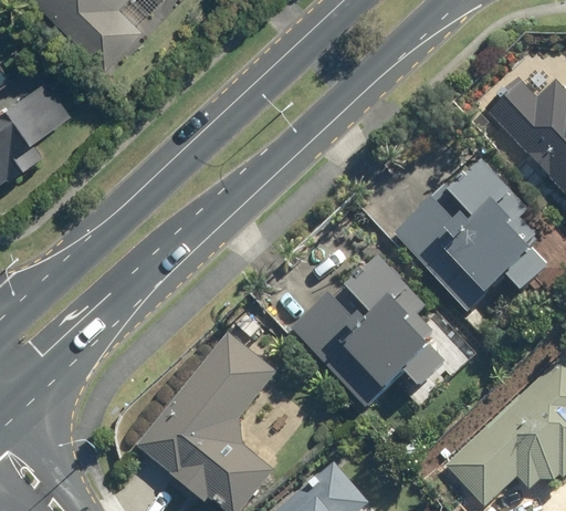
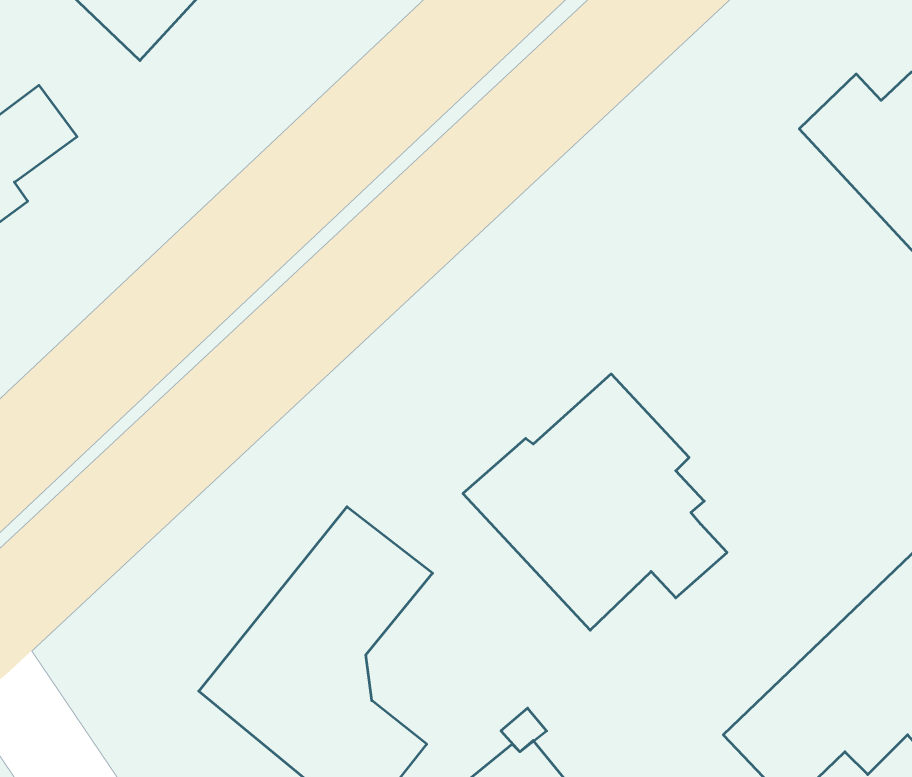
building: [389,167,543,315] -> none

